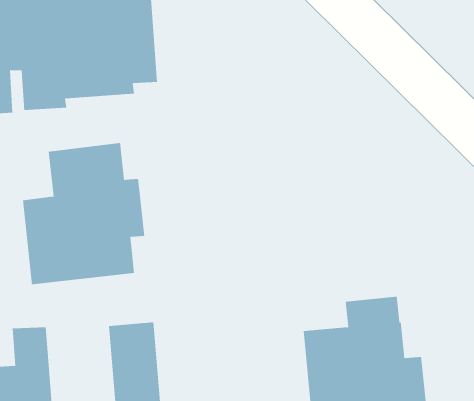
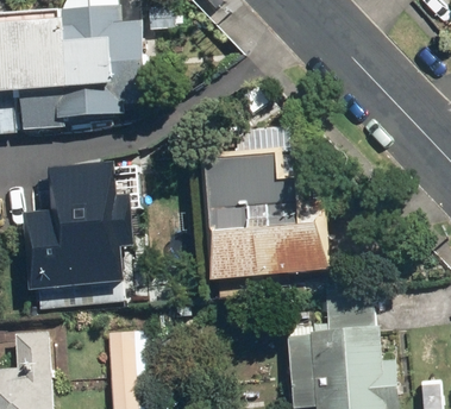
building: none -> [201,146,308,281]

